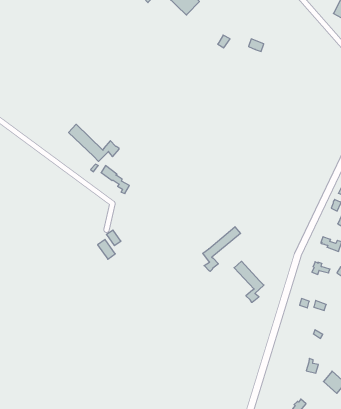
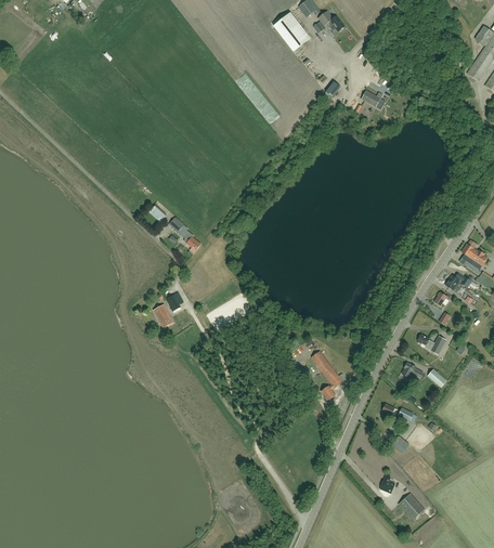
building: [69,124,119,161] -> none
building: [203,227,241,271] -> none

